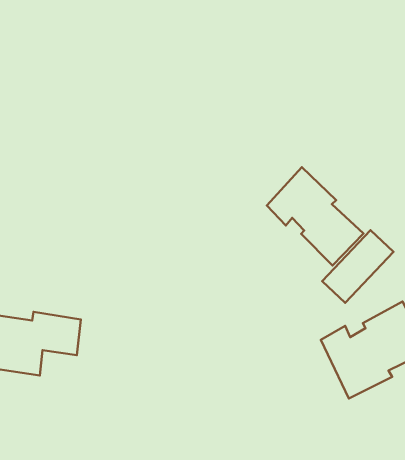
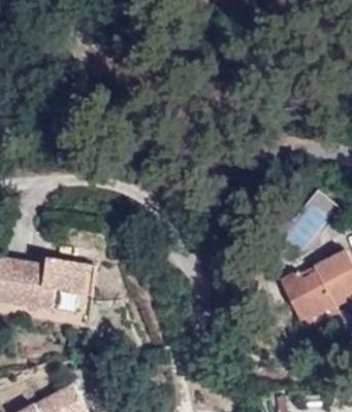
building: [267,167,363,265] -> none

